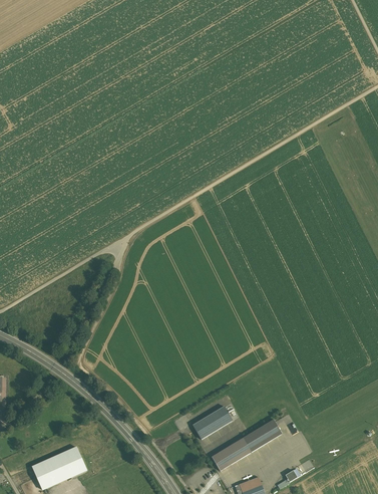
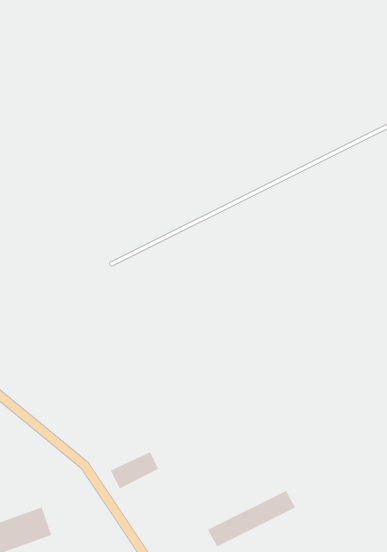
building: [192,406,232,439] -> [110,451,159,490]

